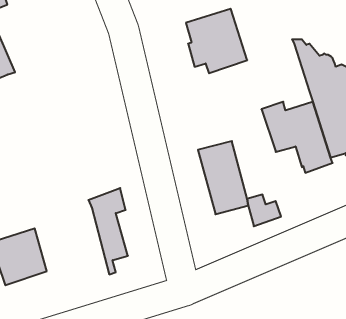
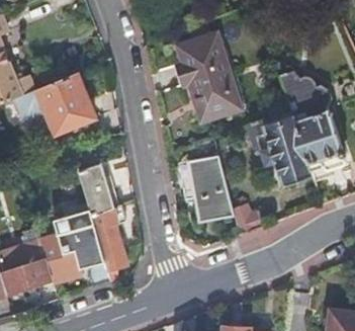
building: none -> [12,69,92,130]
building: none -> [198,82,244,125]
building: none -> [75,158,114,212]
building: none -> [37,219,102,281]

